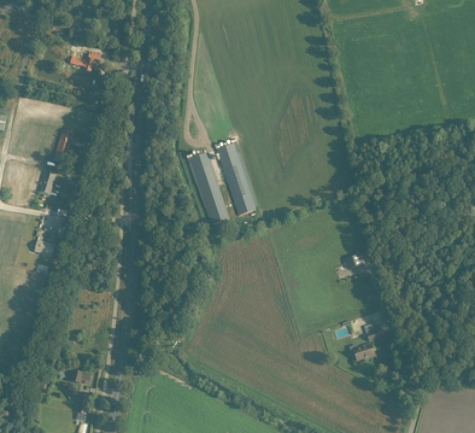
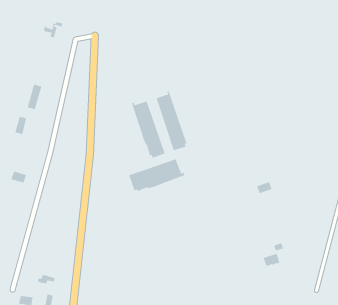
building: none -> [129,158,185,192]

